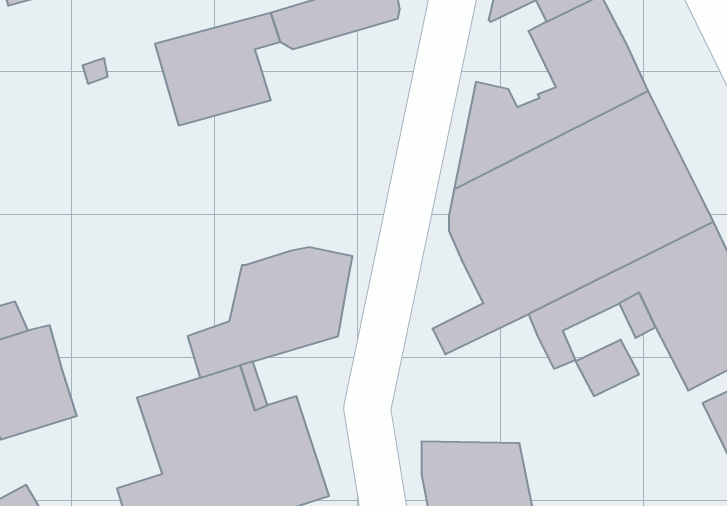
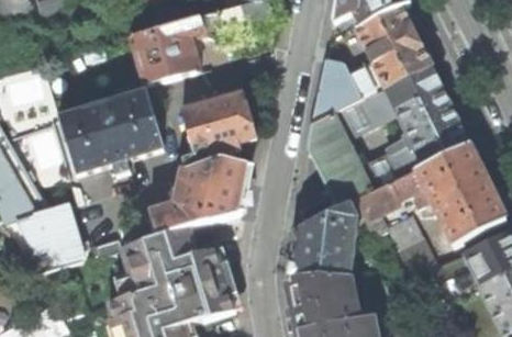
building: none -> [181,91,256,169]
building: none -> [59,92,164,175]
building: none -> [292,199,363,277]

